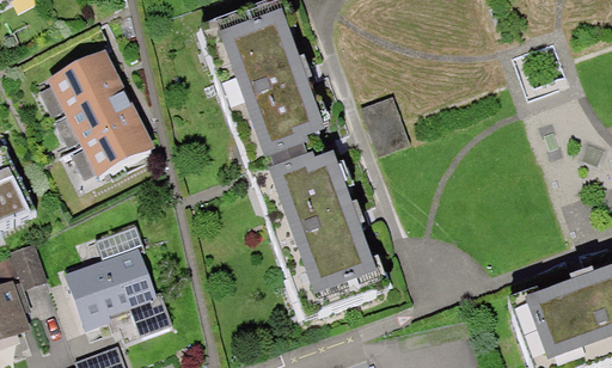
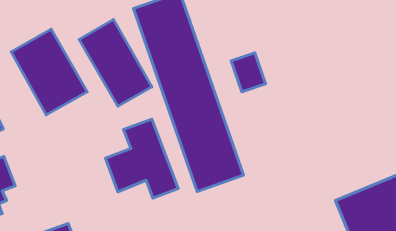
building: none -> [79,20,152,106]
building: [68,226,175,342] -> [106,119,178,198]

